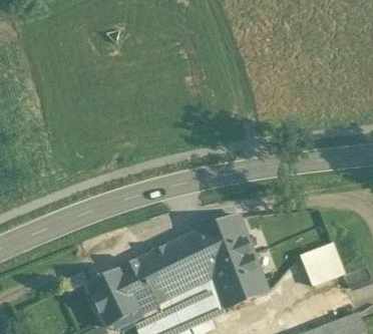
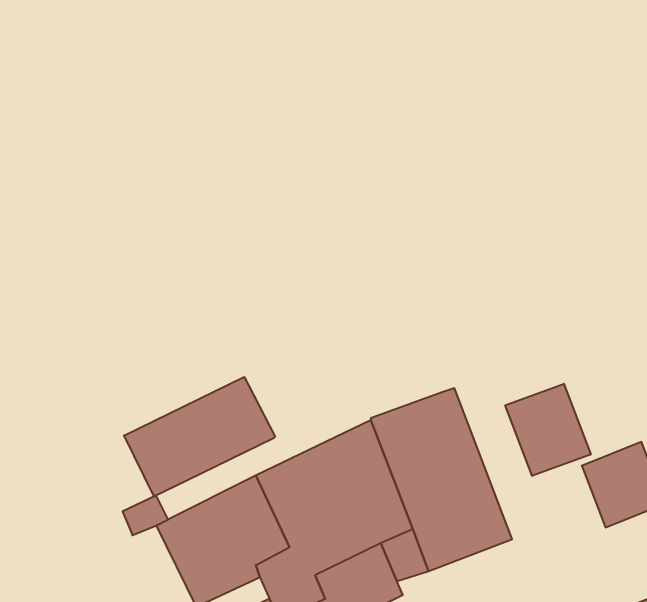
building: none -> [124,377,275,497]
building: none -> [505,384,591,476]

